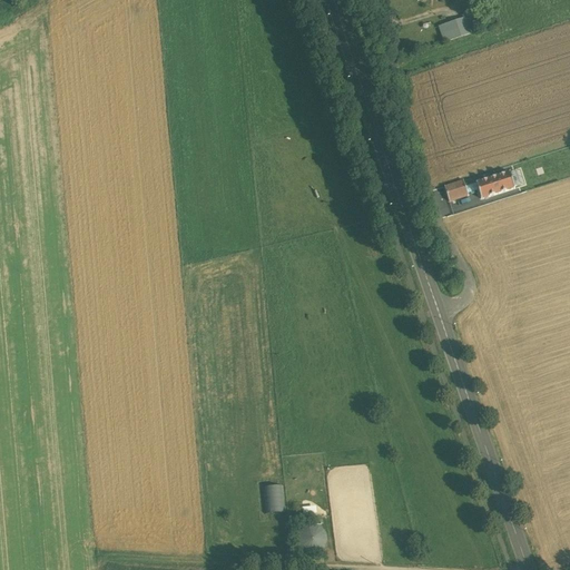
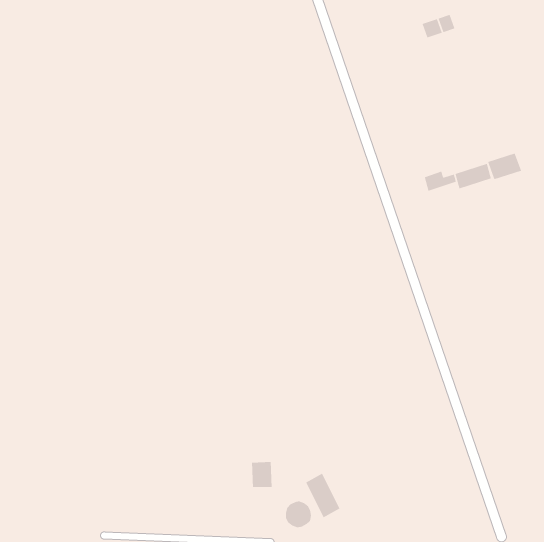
building: none -> [487,152,522,180]
building: none -> [305,473,340,518]

